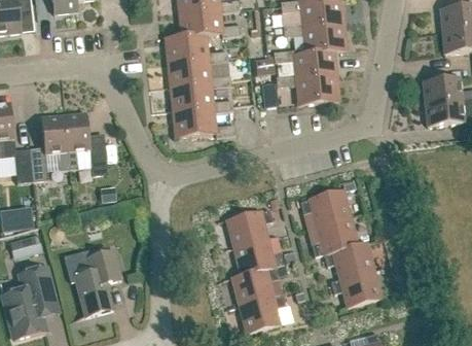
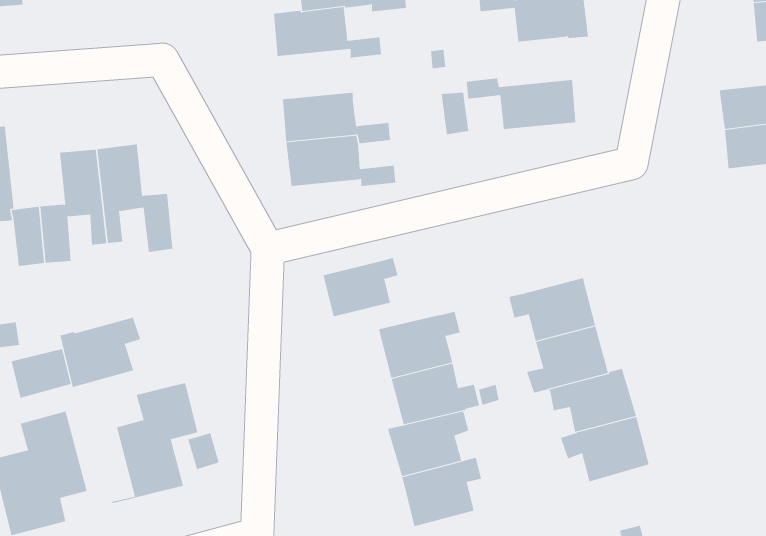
building: [274,49,337,79] -> none
building: [167,58,230,88] -> none
building: none -> [323,257,398,317]
building: none -> [60,316,141,388]

